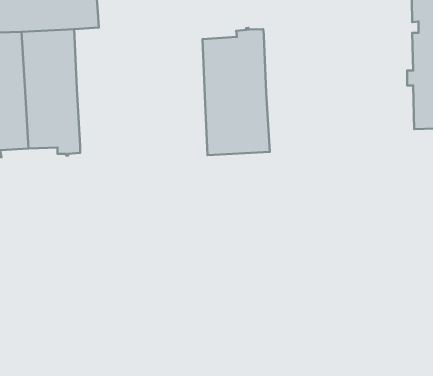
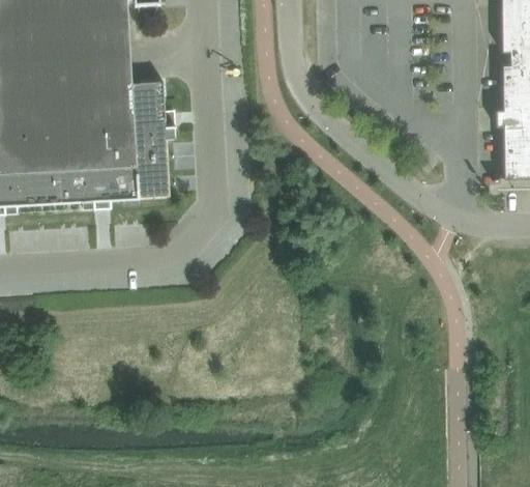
building: none -> [102,59,176,199]
building: [203,28,270,155] -> none

